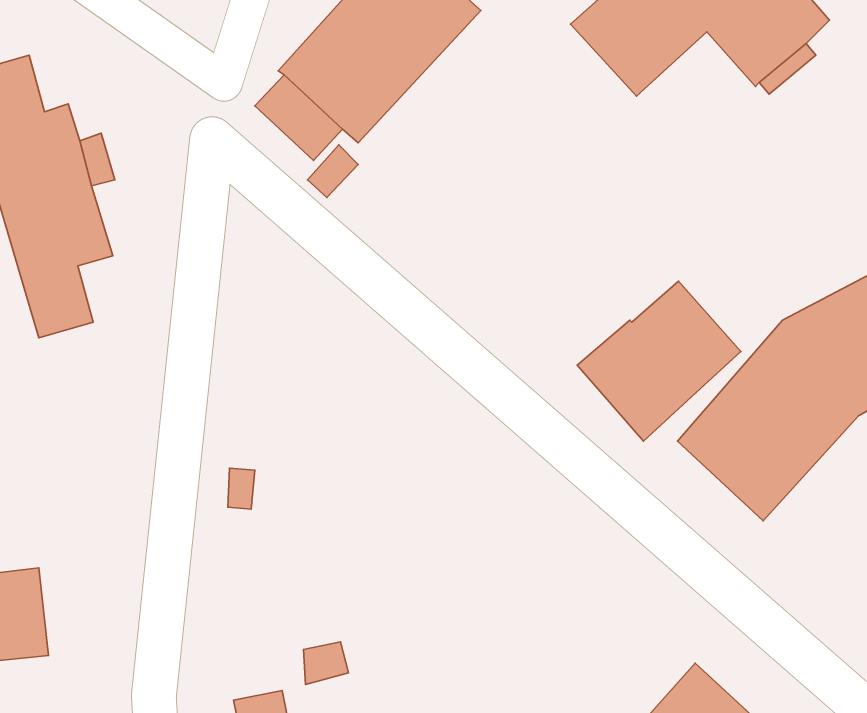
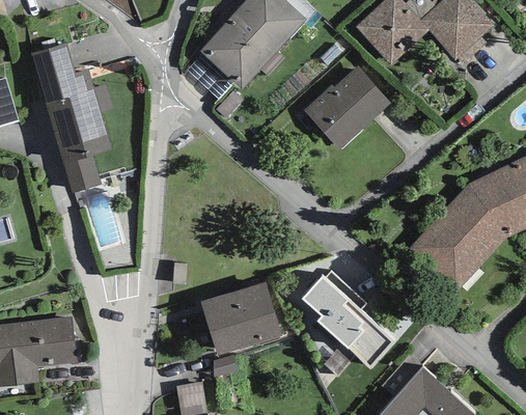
building: [577,281,741,441] -> [303,64,390,149]
building: none -> [301,276,394,369]
building: none -> [200,281,282,356]

